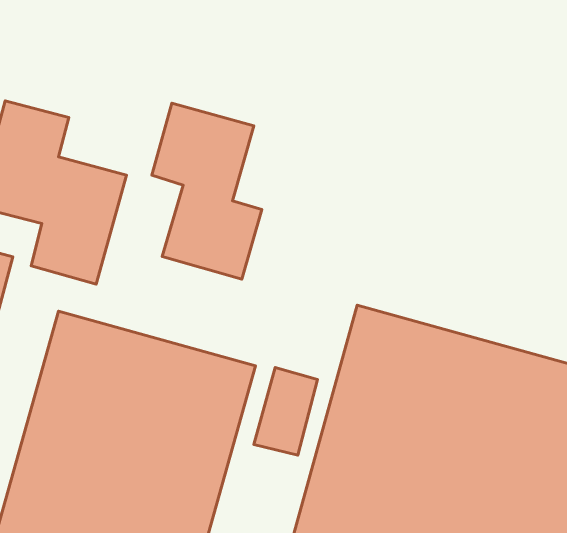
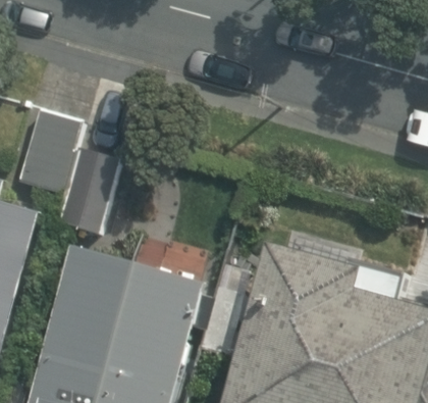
building: [152,103,262,279] -> none

